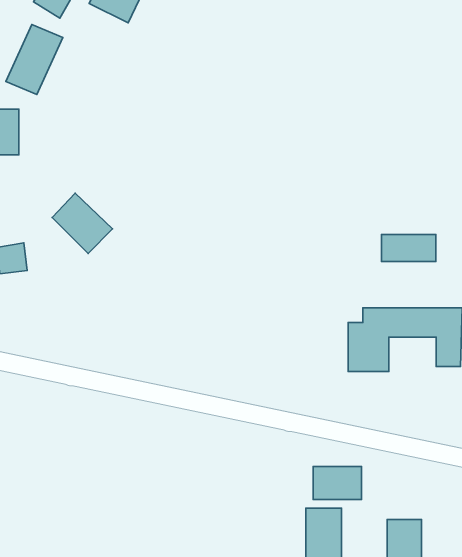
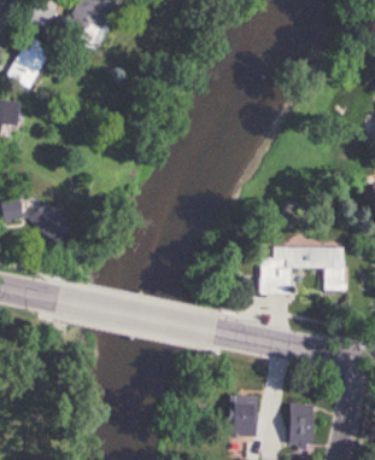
building: [52,193,113,253] -> [27,200,71,245]
building: [382,234,436,262] -> none
building: [313,467,362,500] -> none

